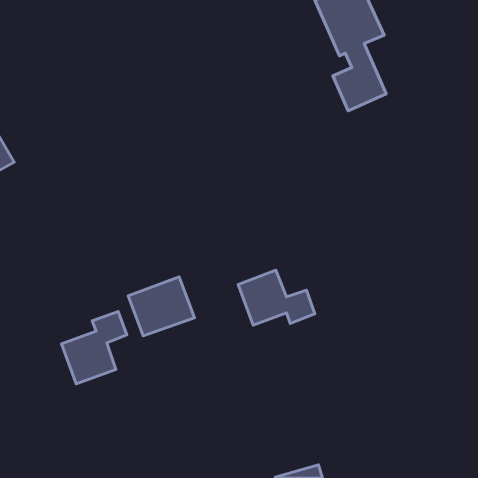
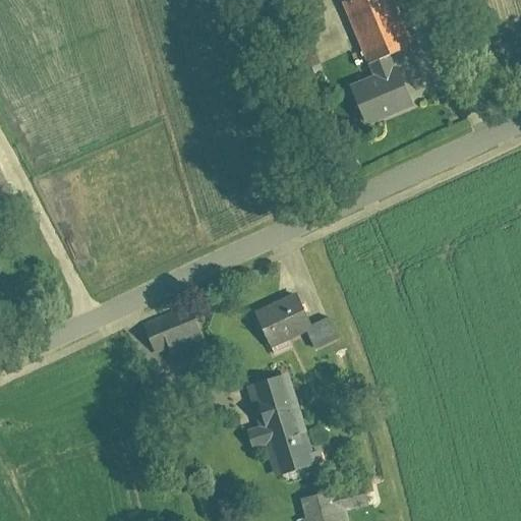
building: [62,312,127,384] -> none
building: none -> [242,374,314,478]

